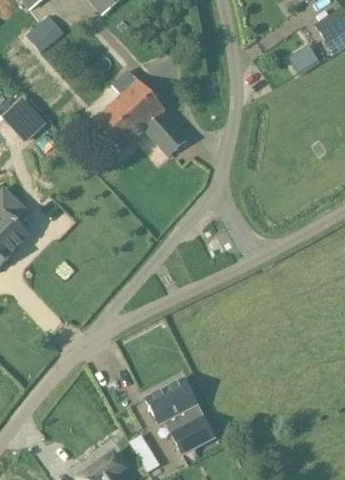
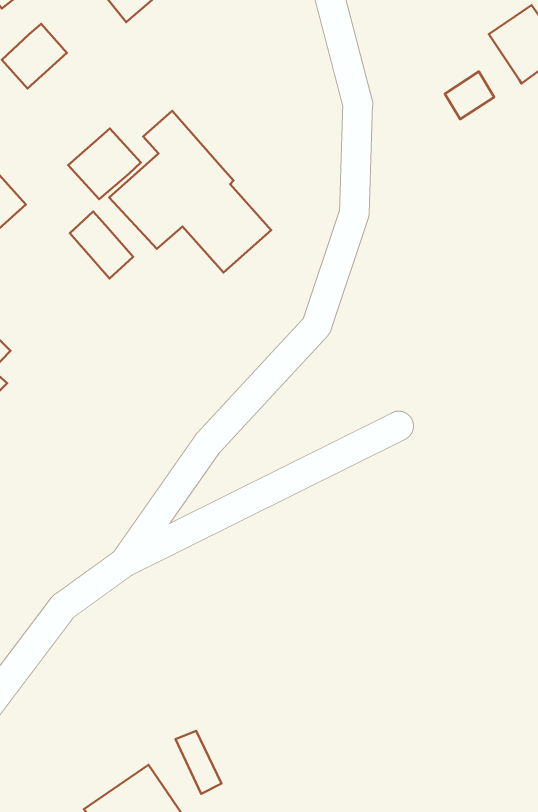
building: none -> [68,129,141,199]
building: none -> [70,212,133,279]
building: [145,378,220,451] -> none

